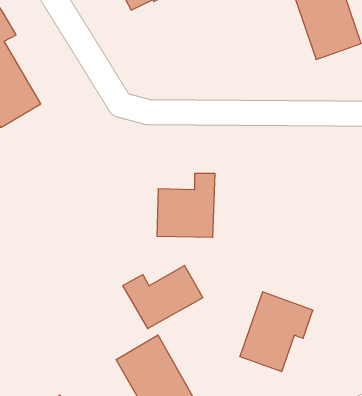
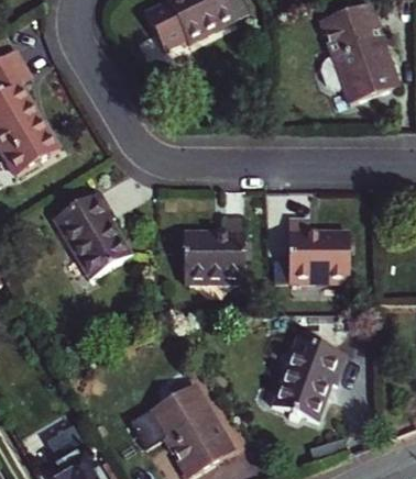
building: none -> [61,190,134,277]
building: none -> [288,221,349,286]
building: [123,265,203,329] -> none

